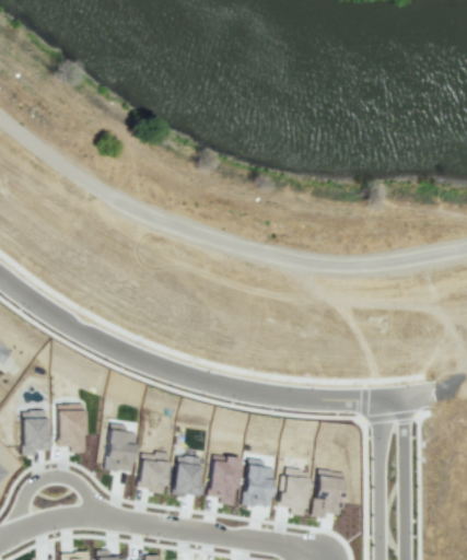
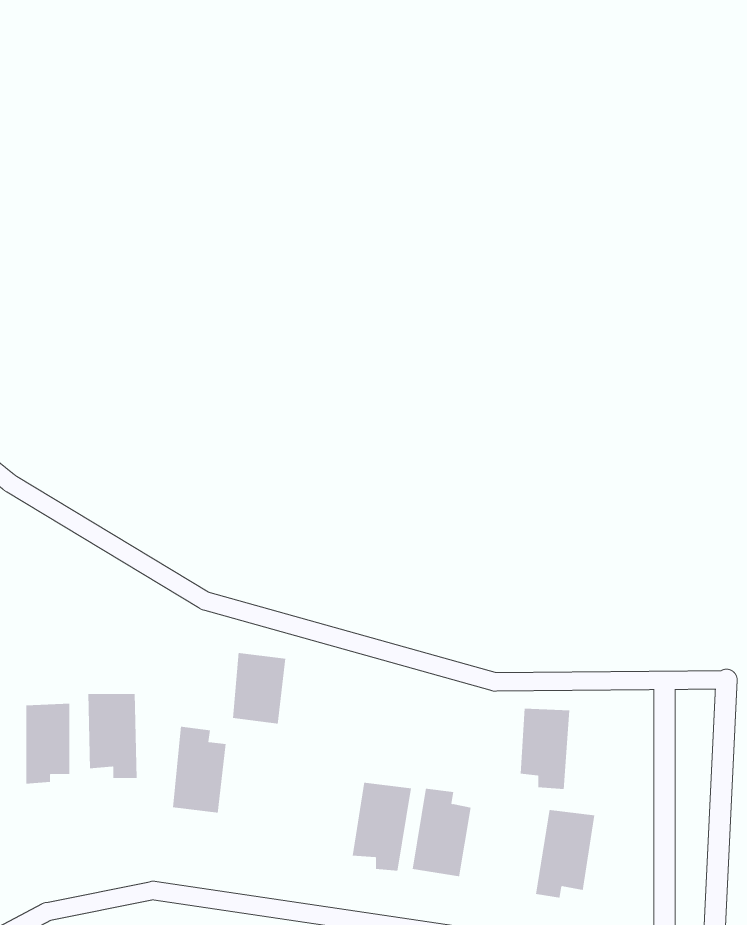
building: [140,451,171,491] -> [232,653,286,724]
building: [174,454,205,495] -> none
building: [282,468,311,514] -> [520,708,570,789]

